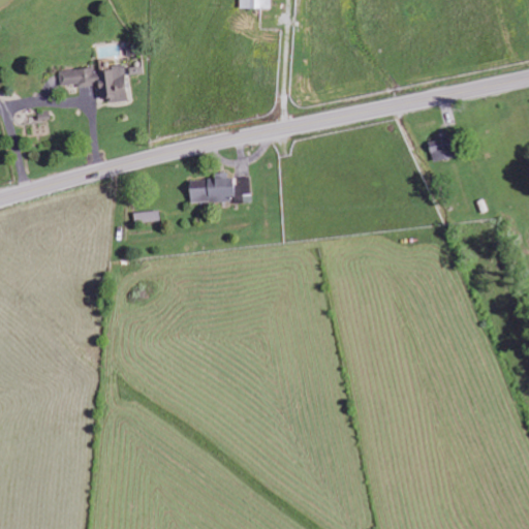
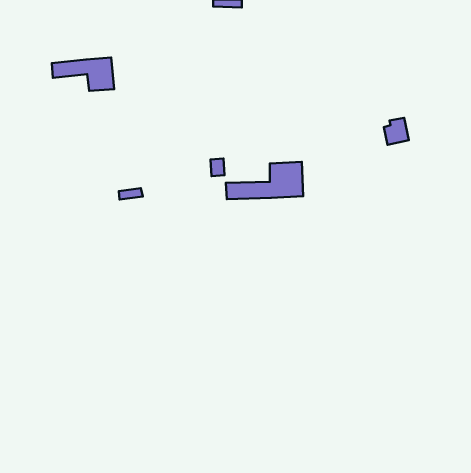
building: [189,175,232,203] -> none
building: none -> [226,162,303,199]

